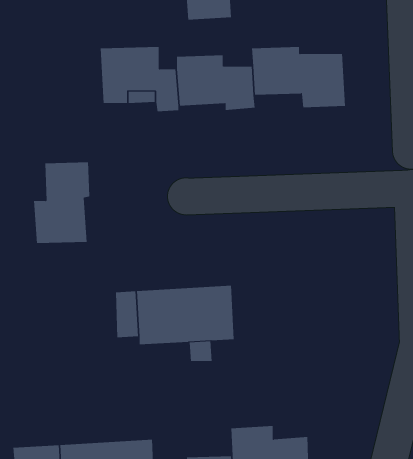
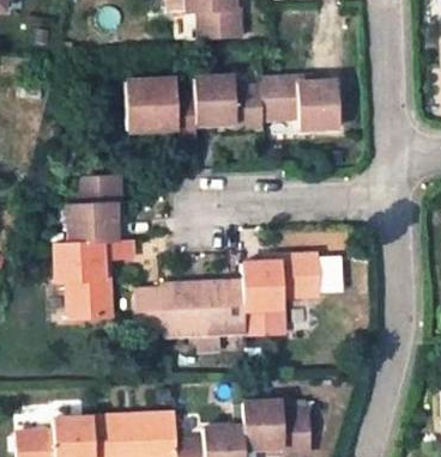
building: none -> [55,242,133,317]
building: none -> [242,254,320,325]

